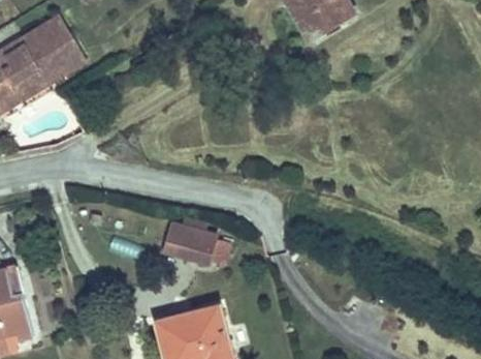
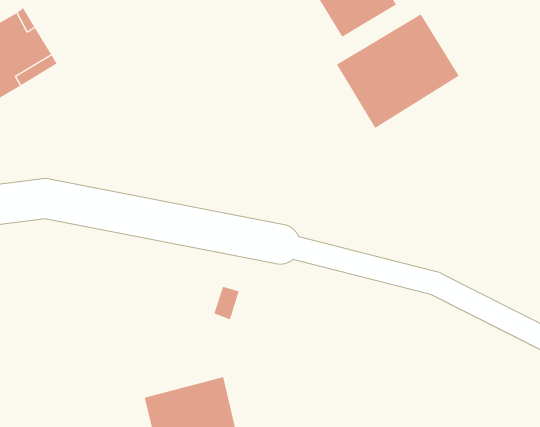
building: none -> [336,14,459,129]
building: [165,225,213,264] -> none

